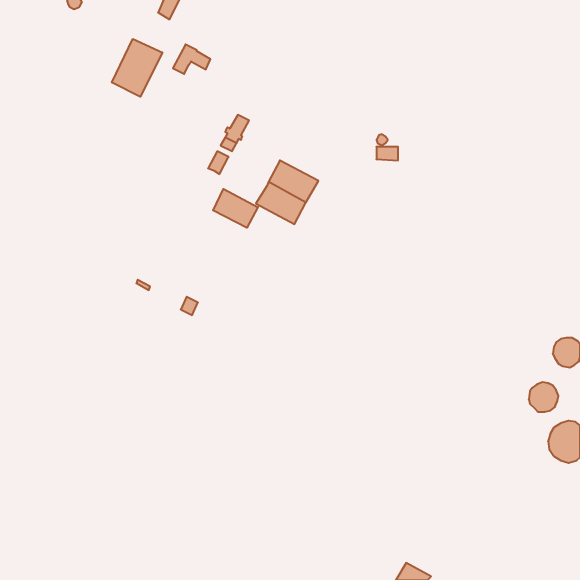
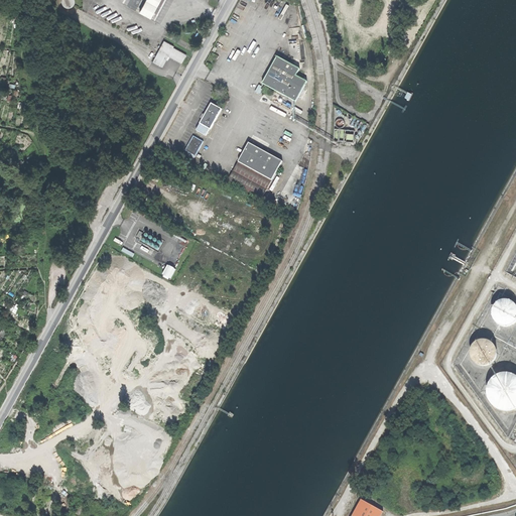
building: [112,39,162,97] -> none
building: none -> [262,55,306,100]
building: [213,189,258,228] -> none

